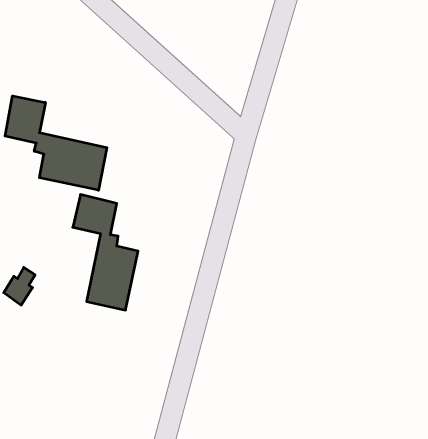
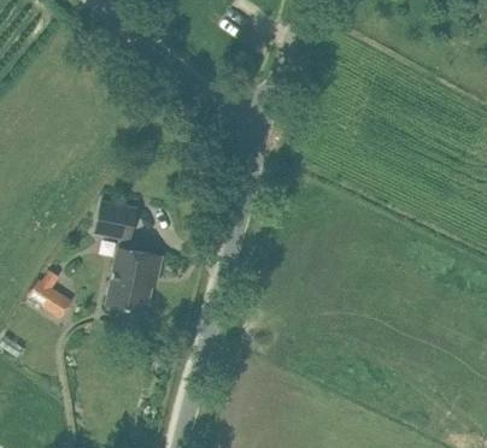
building: [5,96,107,190] -> none

